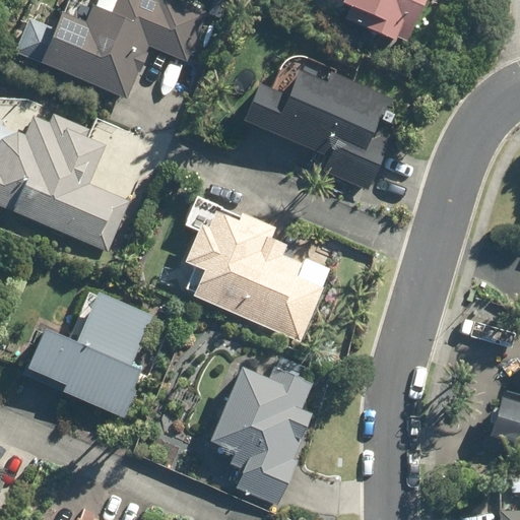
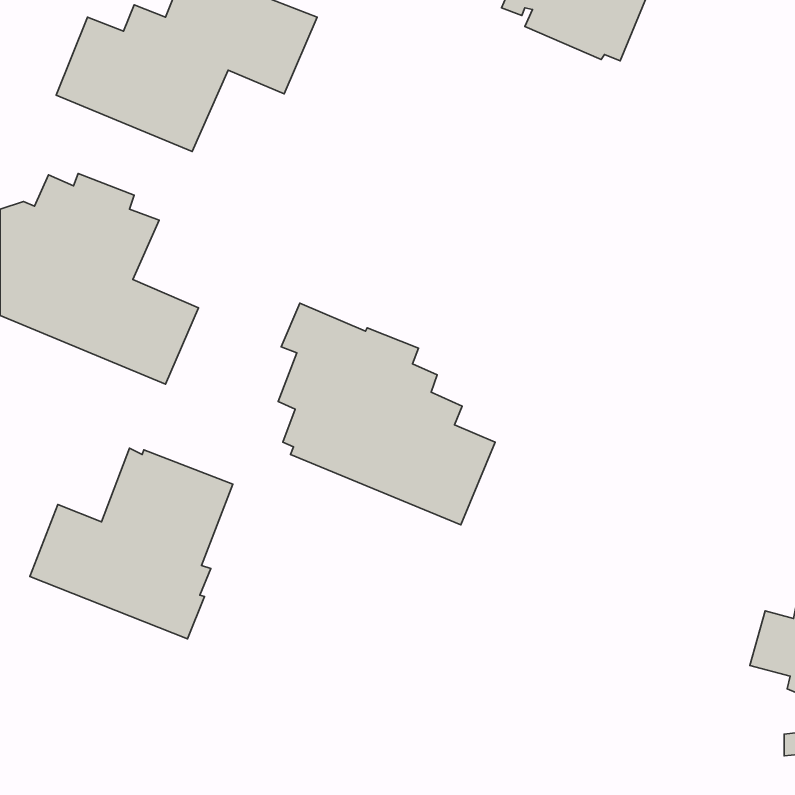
building: [240,69,395,189] -> none
building: [208,366,312,505] -> none

